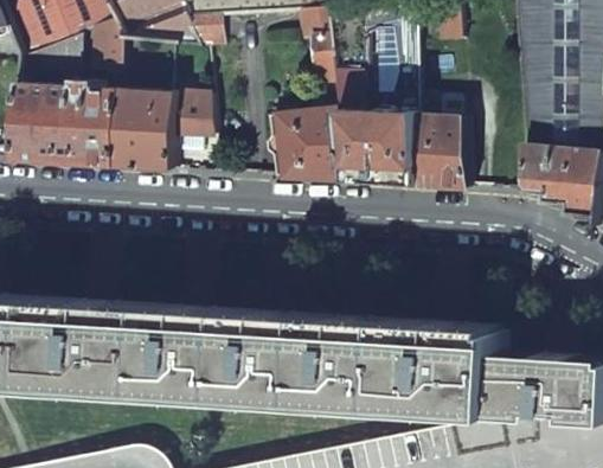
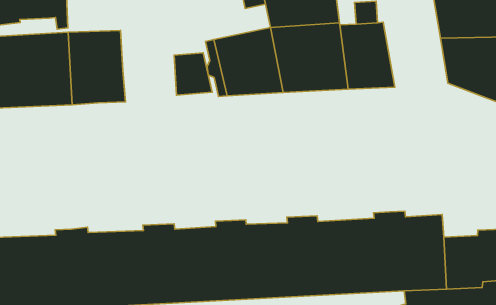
building: [175,91,214,136] -> [174,53,212,95]

